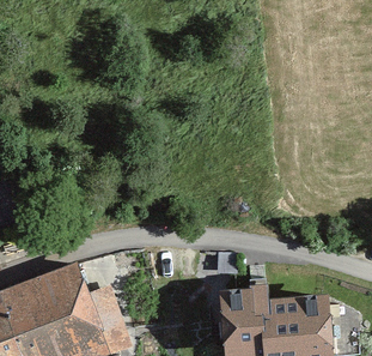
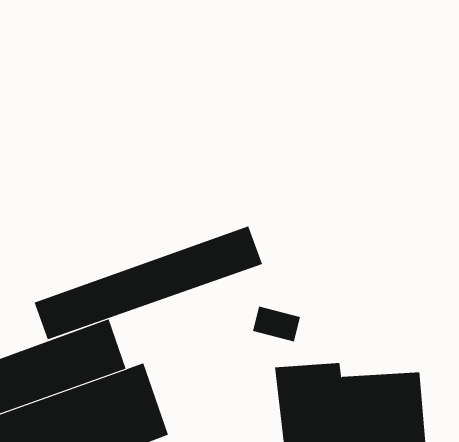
building: none -> [34,226,263,340]

